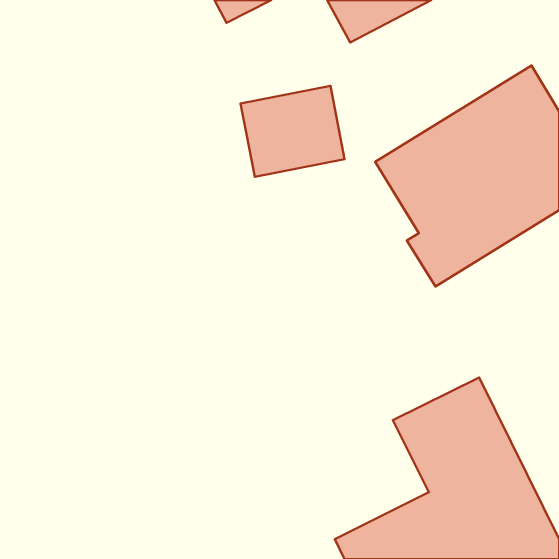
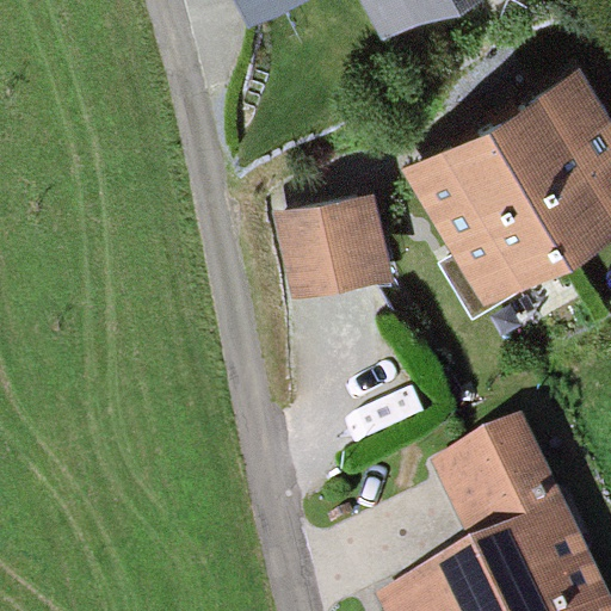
building: [241,86,345,177] -> [273,197,387,296]

